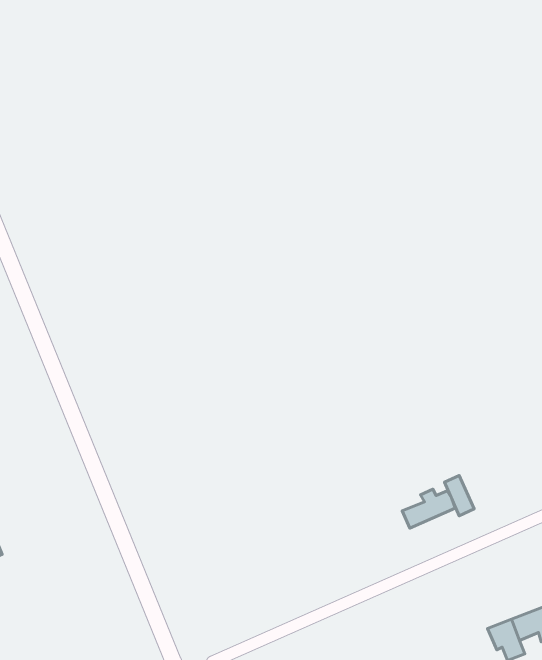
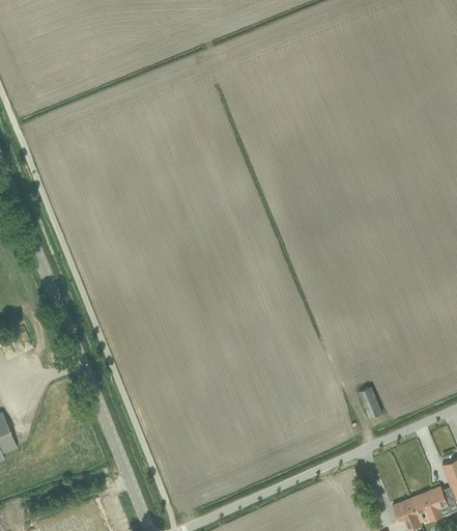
building: [402,489,455,528] -> none

